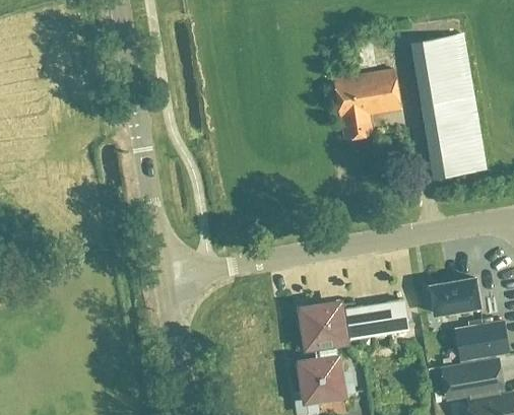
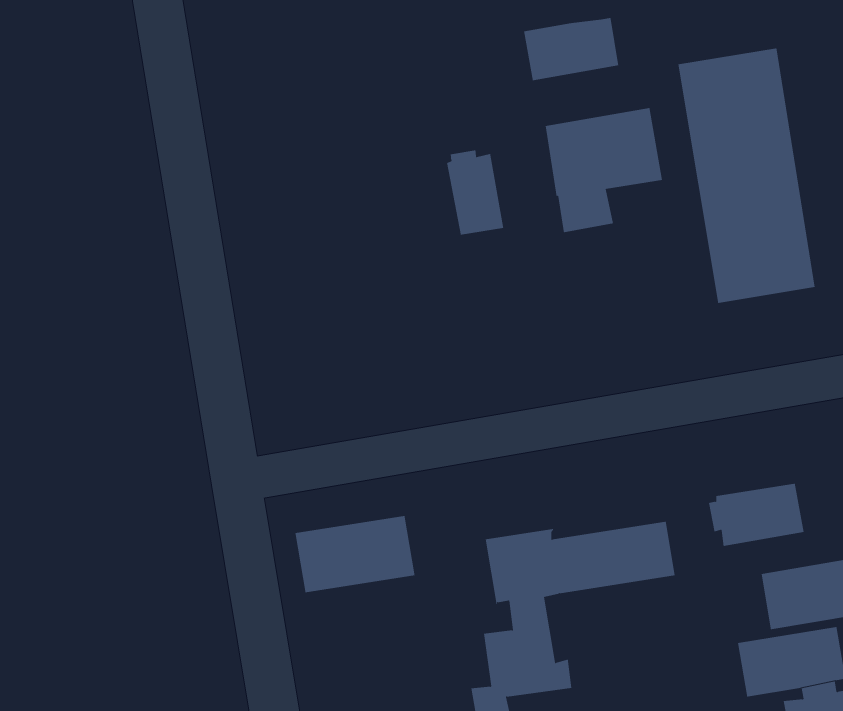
building: none -> [524,17,619,81]
building: none -> [446,150,504,236]
building: none -> [295,515,415,593]

